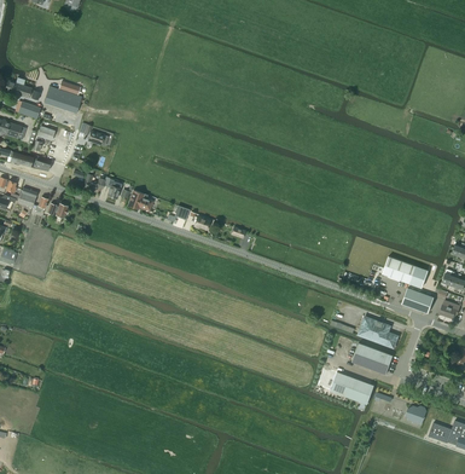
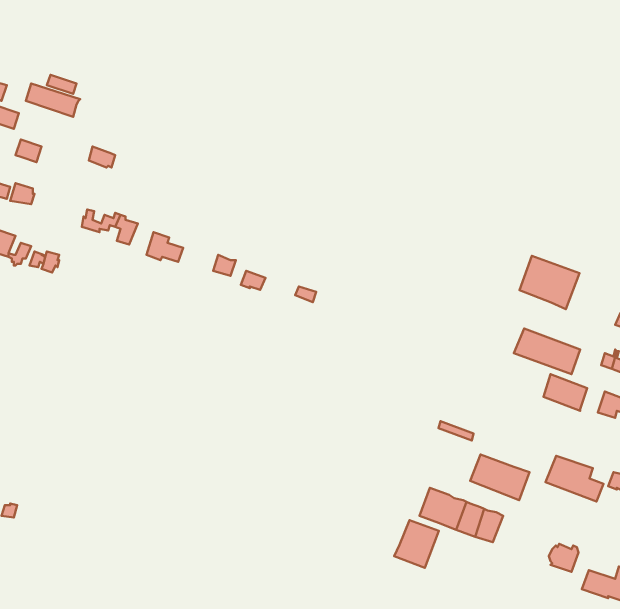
building: none -> [520,256,579,309]
building: [358,317,397,348] -> [546,456,603,501]
building: none -> [394,520,439,568]

